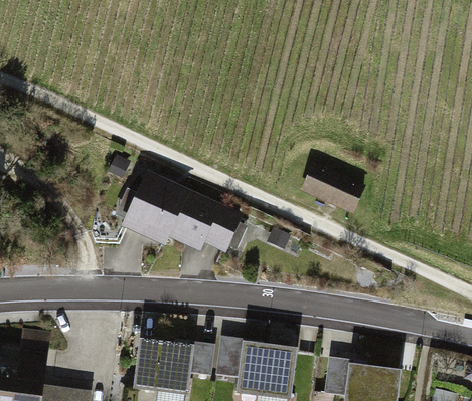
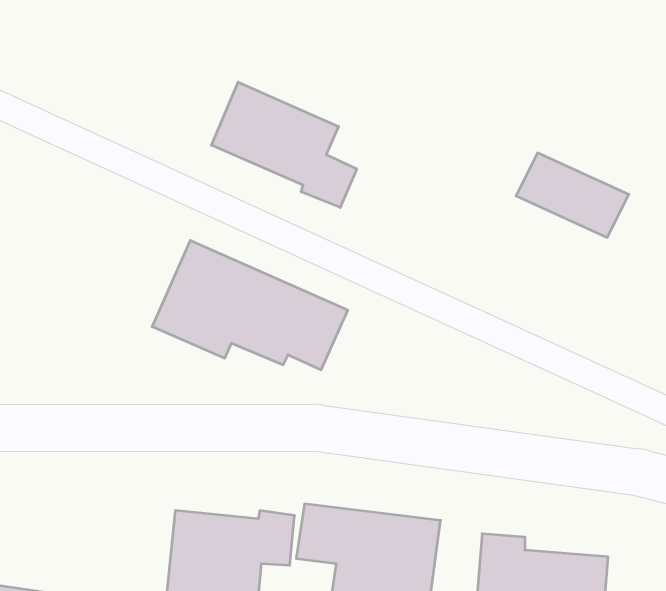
building: none -> [211,82,357,208]
building: [298,162,366,213] -> [516,153,629,237]

